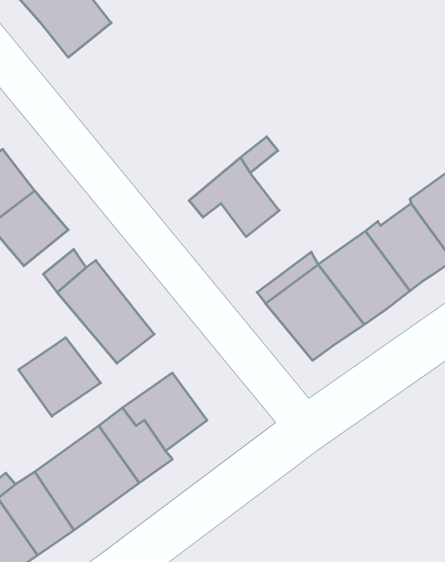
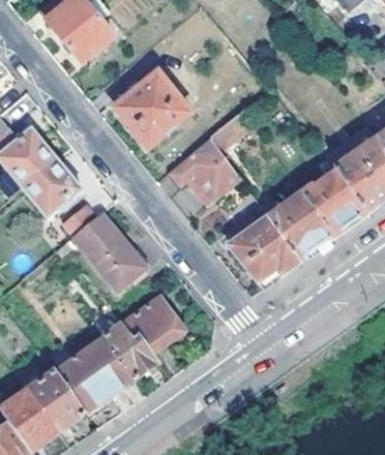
building: none -> [116,71,189,145]
building: [19,338,101,416] -> none

